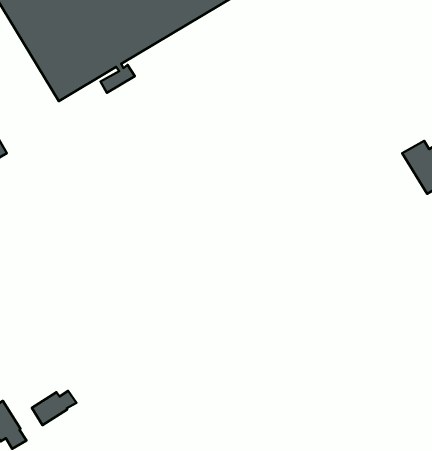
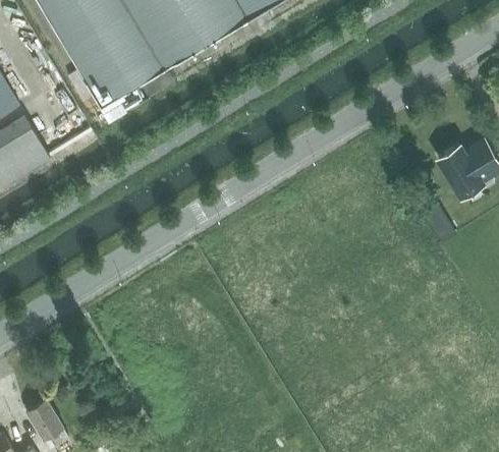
building: [32,391,77,425] -> none

